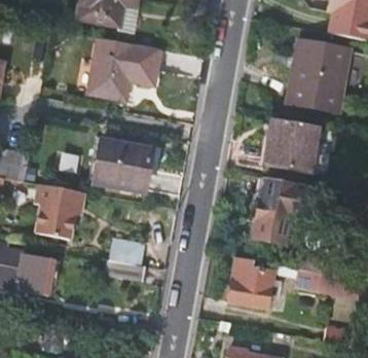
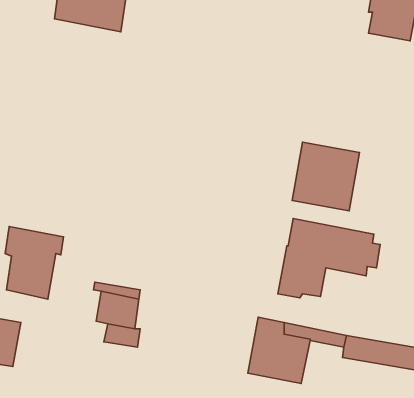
building: [86,38,157,97] -> none
building: [286,39,347,110] -> none
building: [91,141,148,189] -> none

